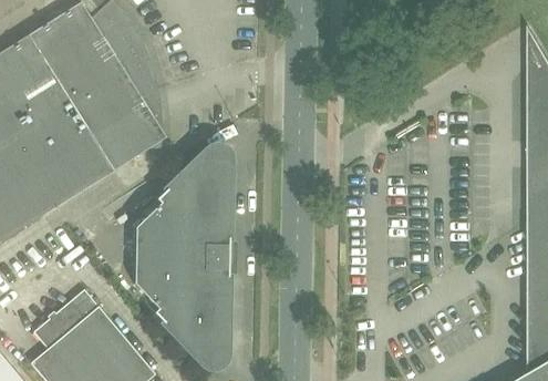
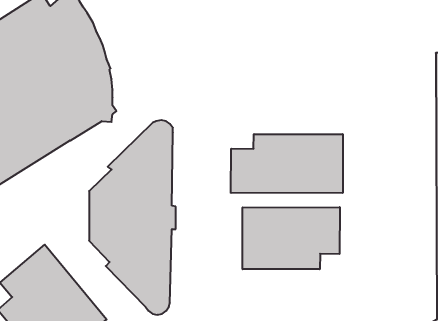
building: none -> [231,134,343,193]
building: none -> [243,207,340,269]

